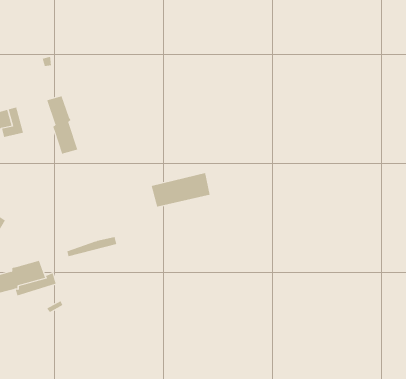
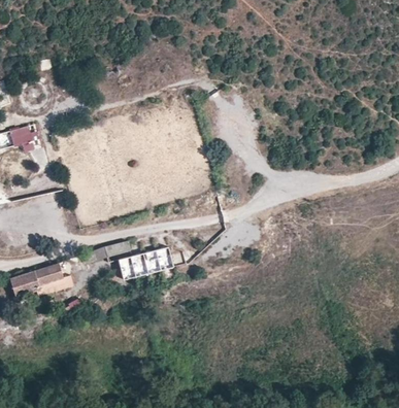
building: [47,95,78,155] -> none
building: [151,172,210,207] -> [118,247,172,279]

